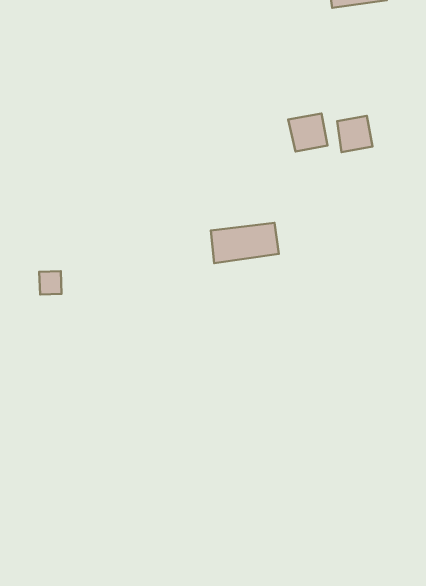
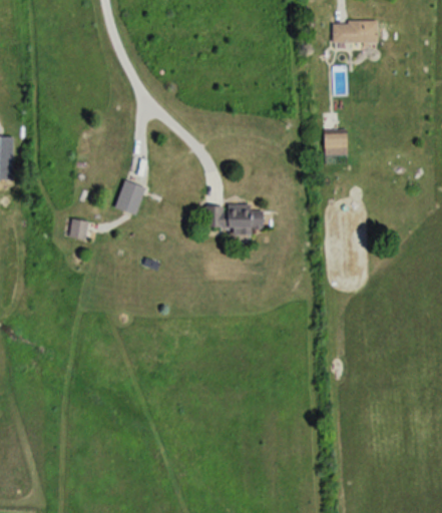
building: [288,113,328,152] -> none
building: none -> [114,180,145,215]

